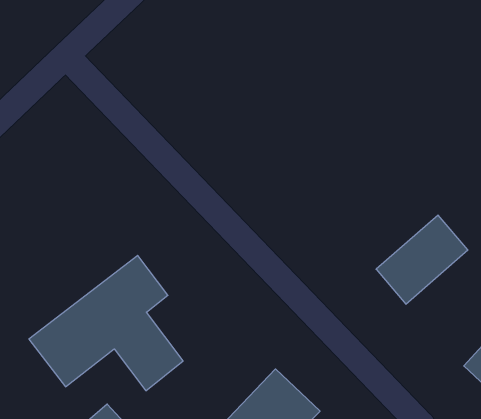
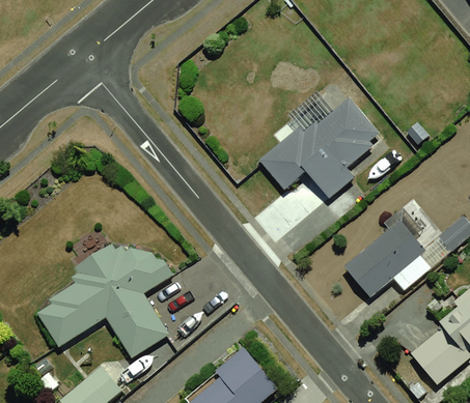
building: none -> [261,95,377,201]

